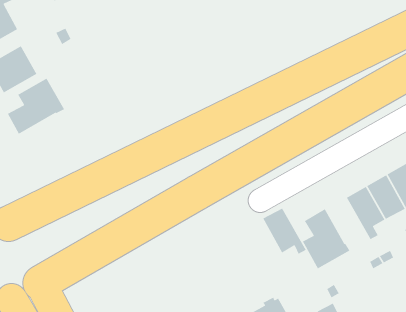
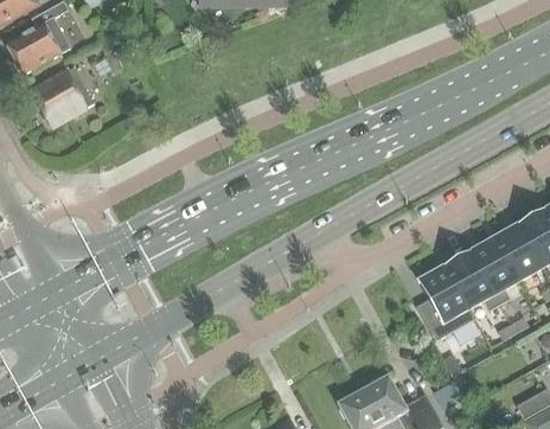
building: [7,77,65,135] -> none
building: [262,207,307,255] -> [445,251,499,309]

